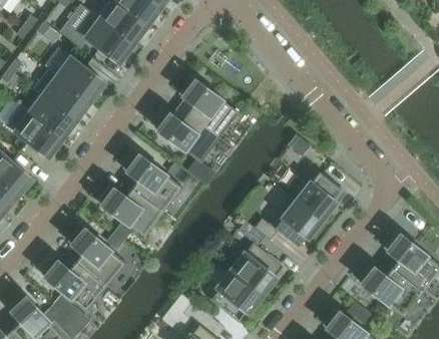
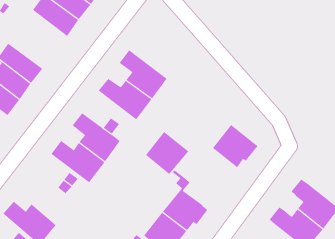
building: [47,56,103,101] -> none
building: [269,196,321,248] -> [145,131,189,175]
building: [68,227,126,288] -> none

